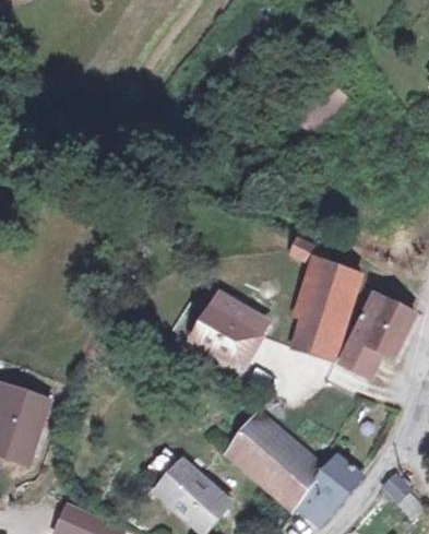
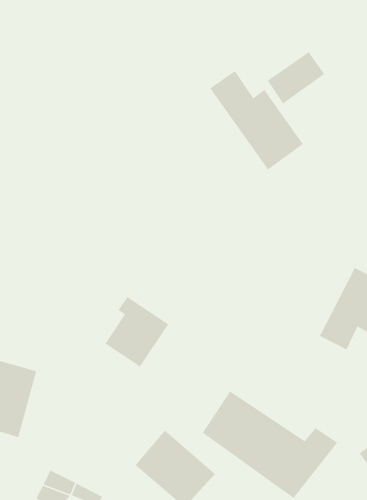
building: none -> [209,70,304,170]
building: [288,239,366,363] -> none
building: [200,292,265,364] -> [104,296,169,368]

